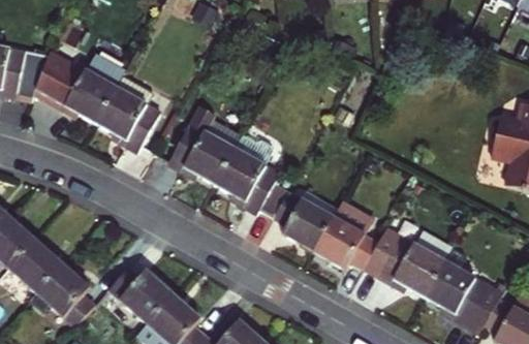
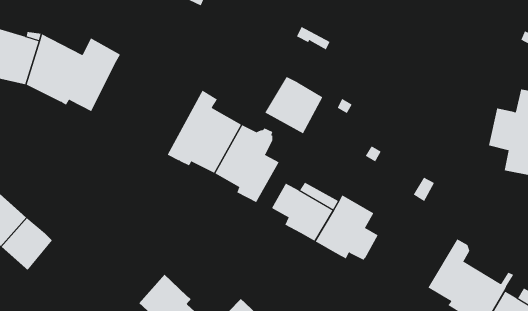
building: [93,82,156,157] -> none
building: none -> [264,76,323,134]
building: [365,233,455,303] -> none
building: [30,256,87,318] -> none
building: [100,259,165,318] -> none

